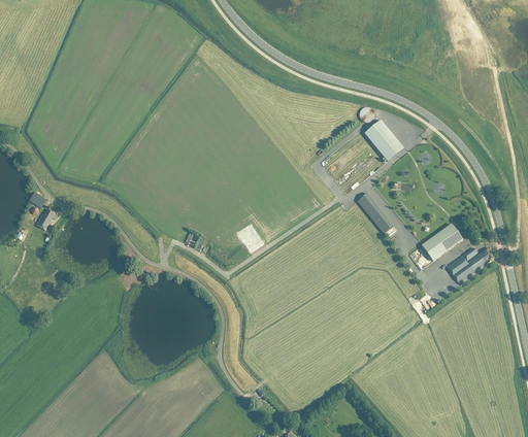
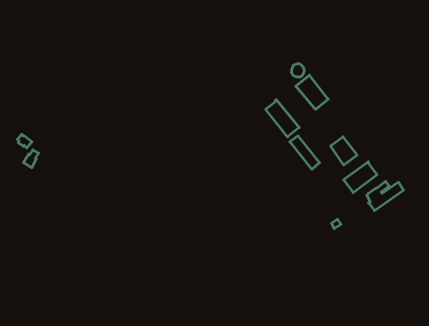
building: none -> [266,100,299,137]
building: none -> [331,137,357,165]

